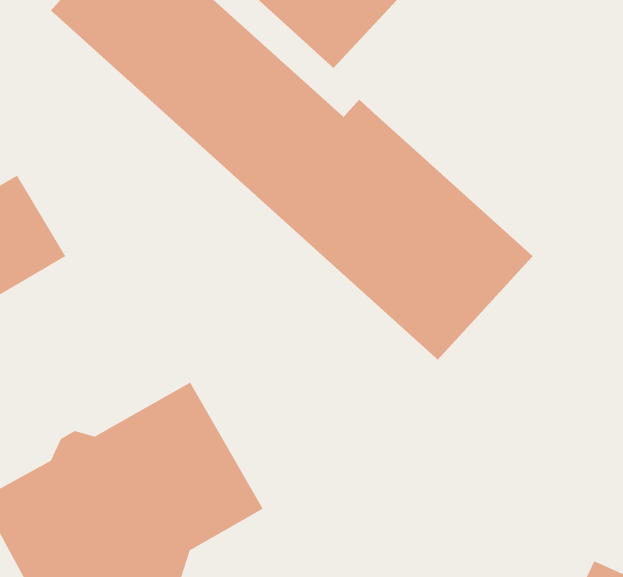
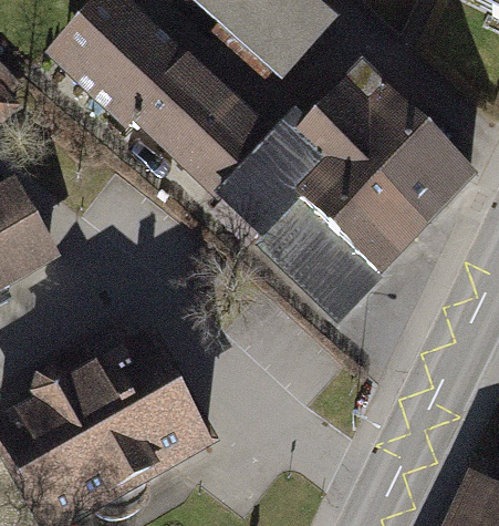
building: none -> [298,60,480,236]

